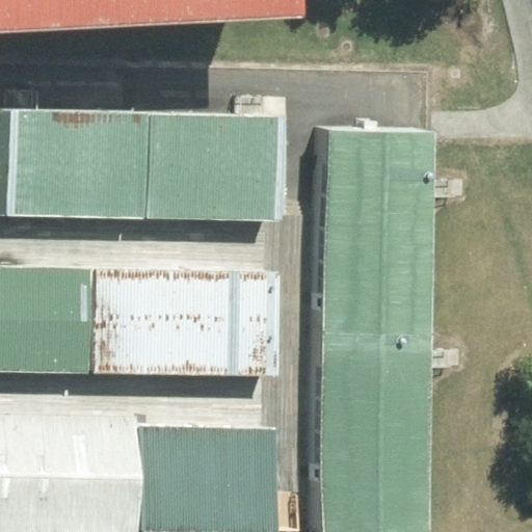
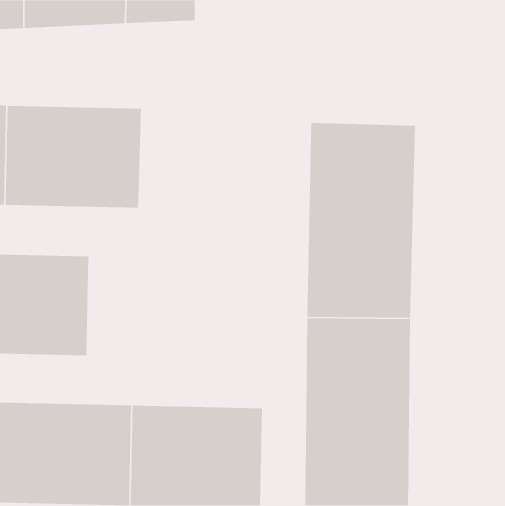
building: [145,113,275,221] -> none
building: [91,268,281,375] -> none

